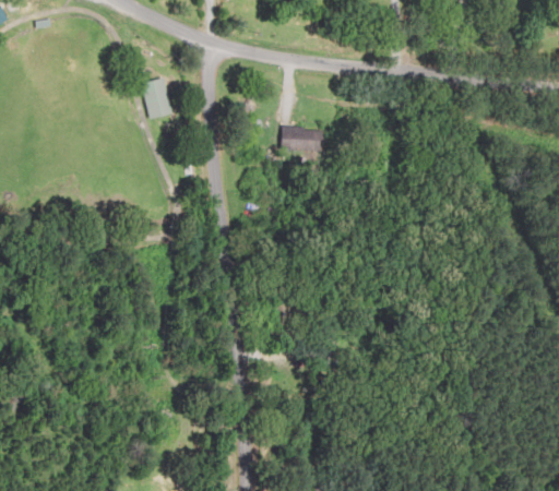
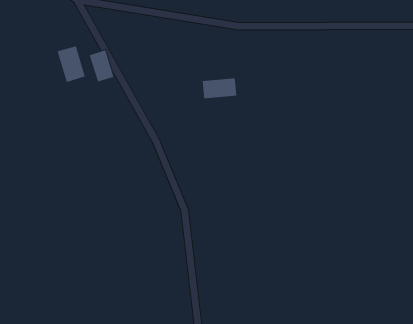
building: none -> [57,46,85,83]

